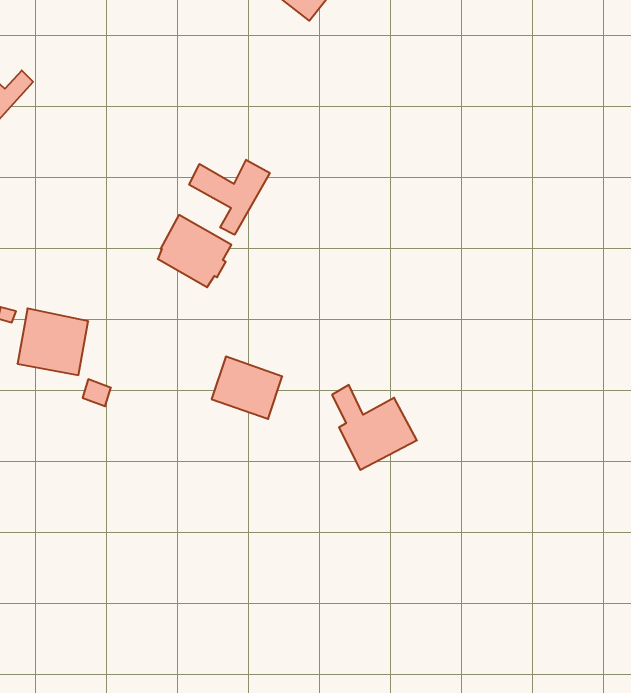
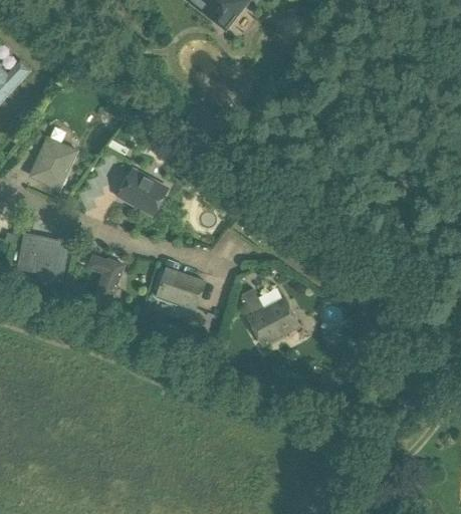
building: [189,160,270,235] -> none
building: none -> [27,136,77,191]
building: none -> [86,254,125,309]

